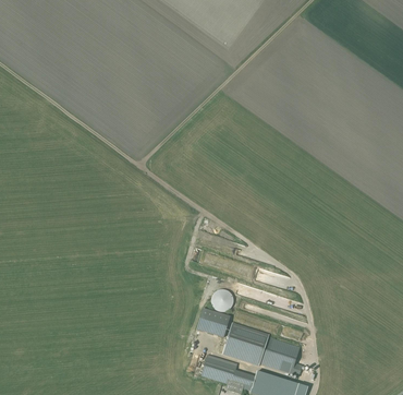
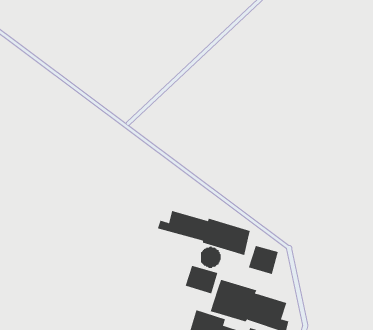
building: none -> [157,210,250,256]
building: none -> [248,245,278,275]

